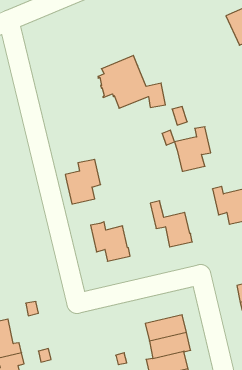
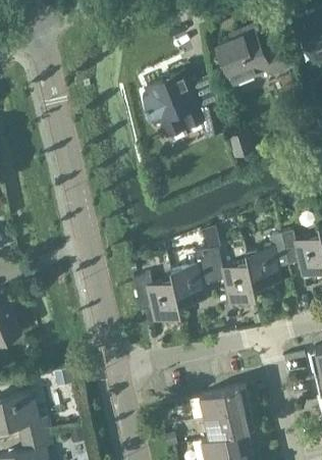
building: none -> [218,32,286,84]
building: [175,127,211,171] -> [245,235,288,289]
building: [65,159,101,204] -> [170,252,213,306]

